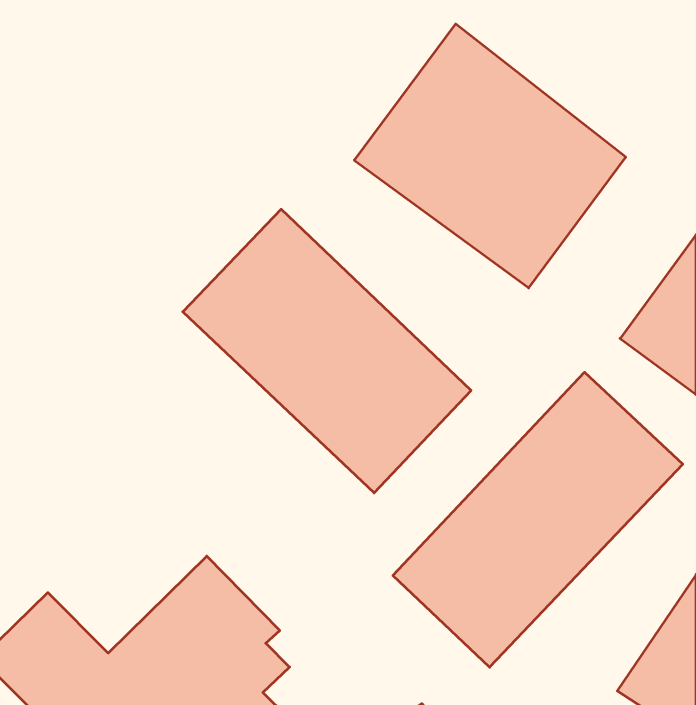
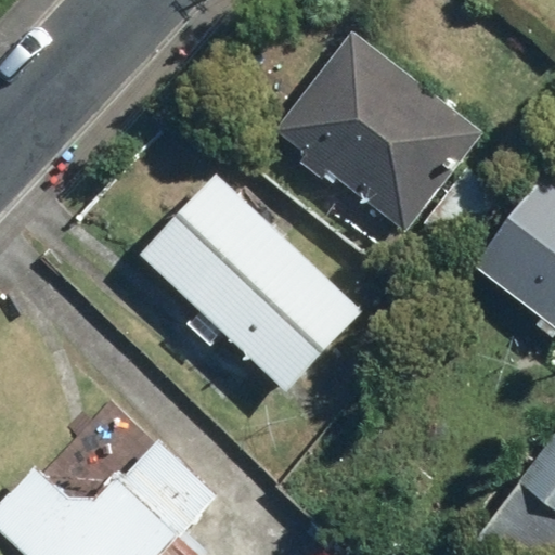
building: [393,372,683,667] -> none

